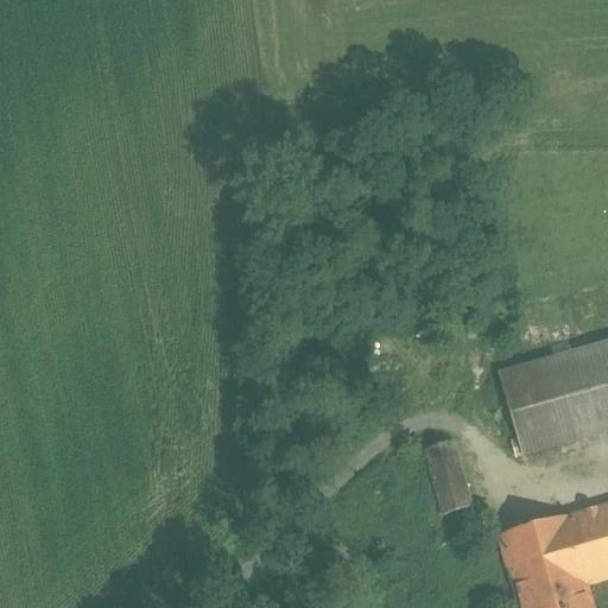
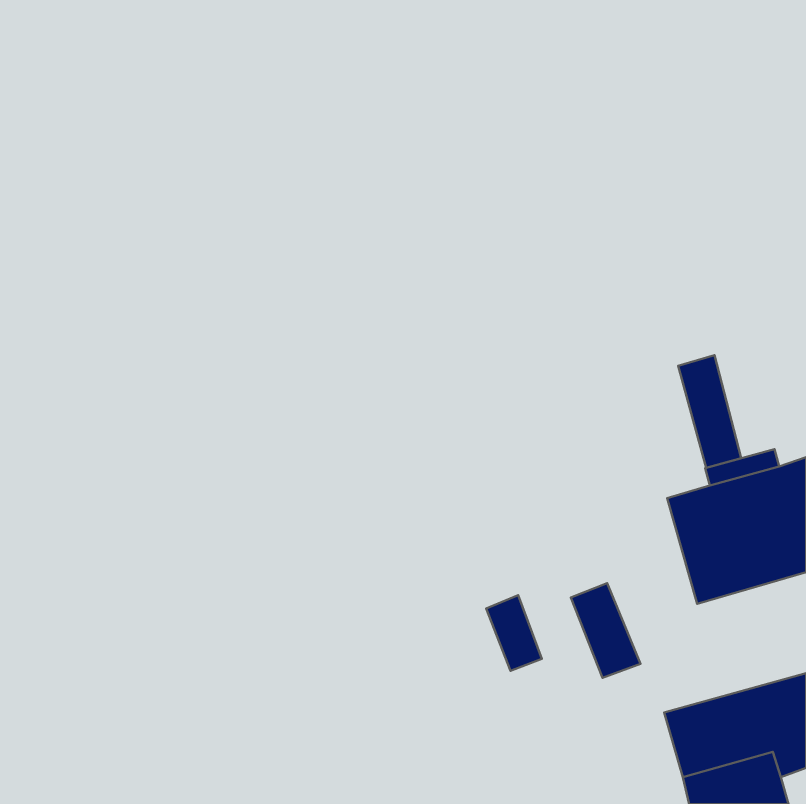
building: none -> [678,355,741,468]
building: none -> [486,595,542,671]

